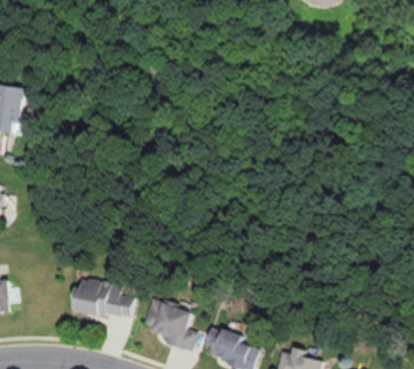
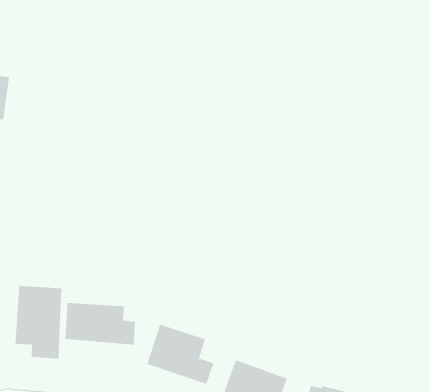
building: none -> [15,285,62,360]

